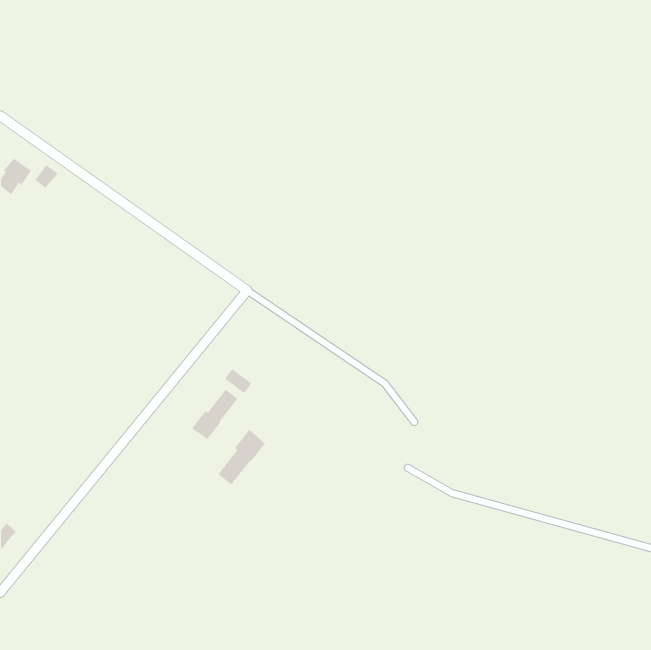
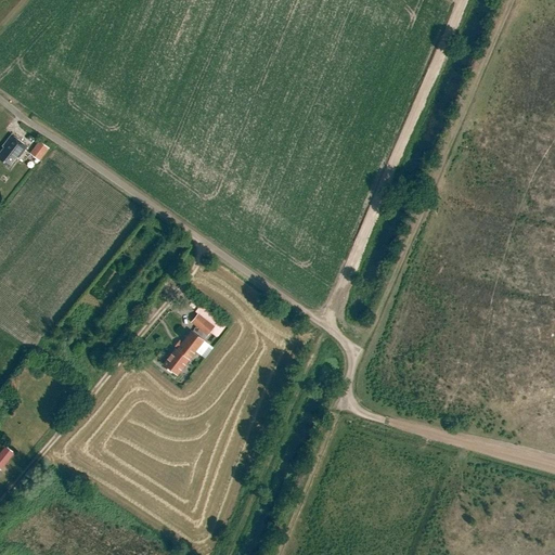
building: [217,429,266,485] -> none

